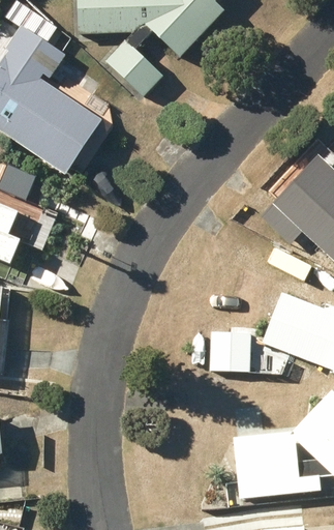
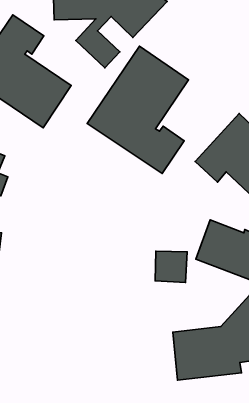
building: none -> [87,46,189,173]

